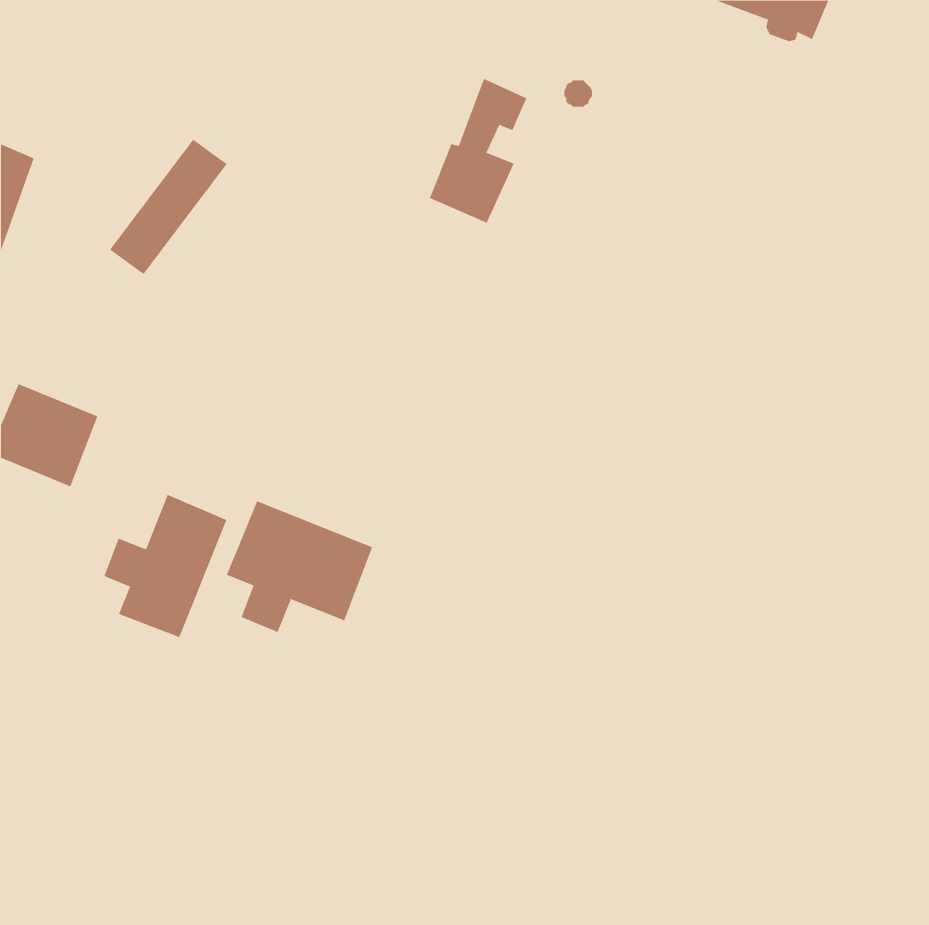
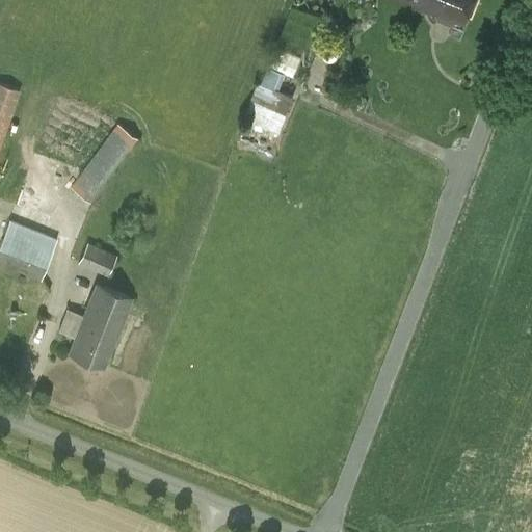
building: [109,139,227,275] -> [70,125,137,203]
building: none -> [79,244,116,277]
building: [226,501,373,633] -> none

